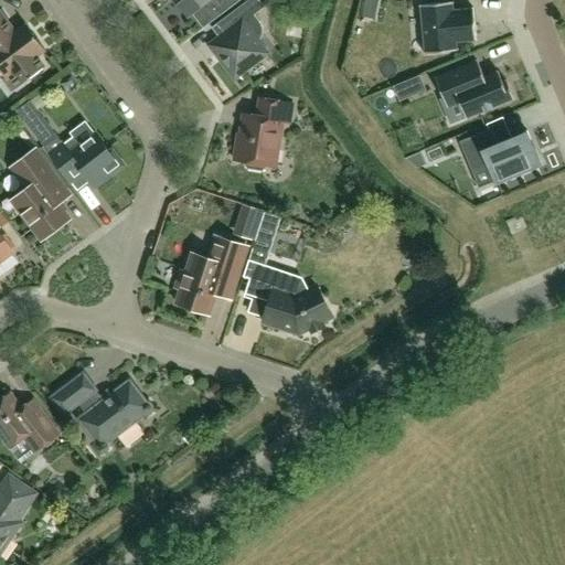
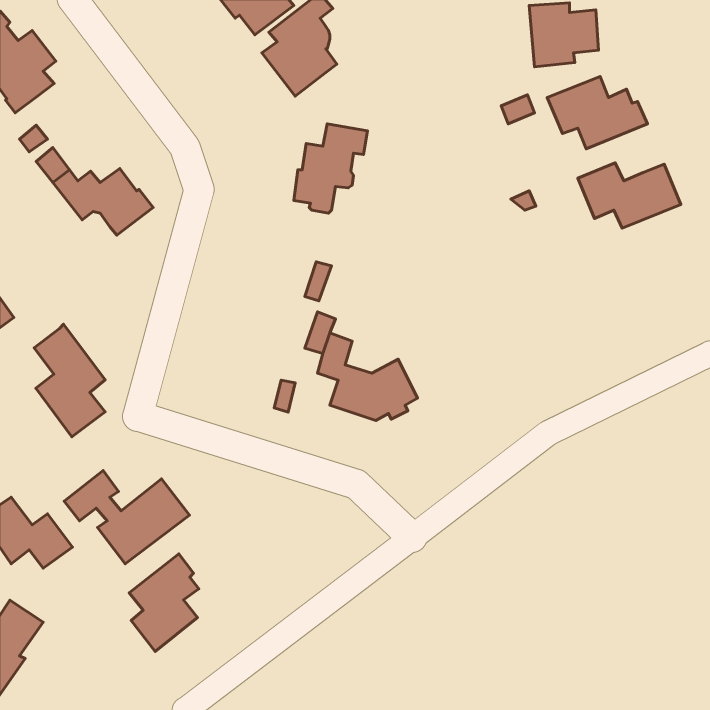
building: [11,149,67,238] -> [34,324,105,437]
building: [174,236,246,313] -> none
building: none -> [129,554,199,652]

